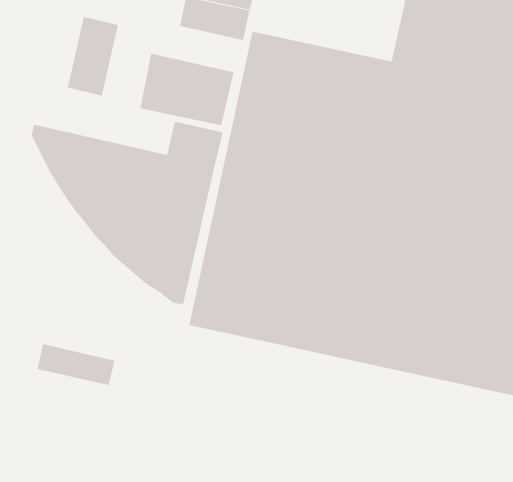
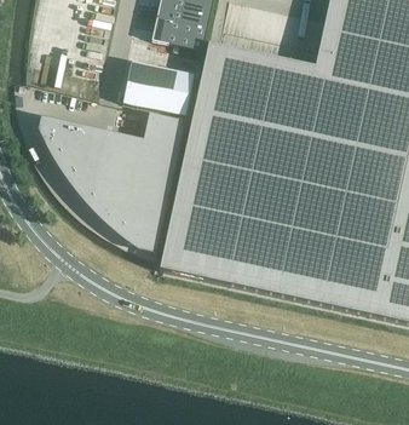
building: [67,16,118,96] -> none
building: [37,344,115,386] -> none

